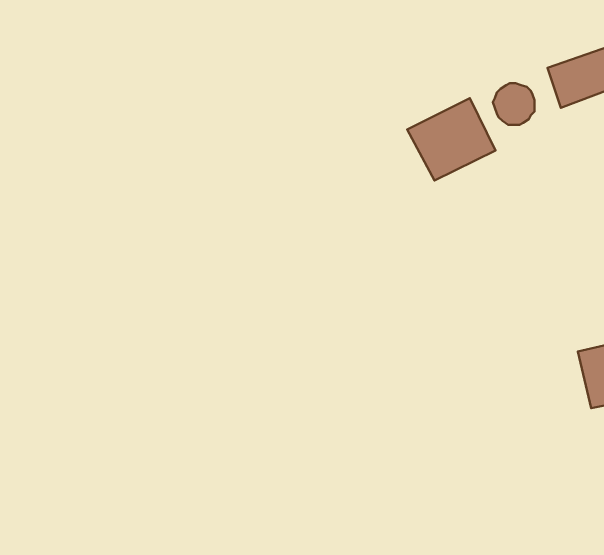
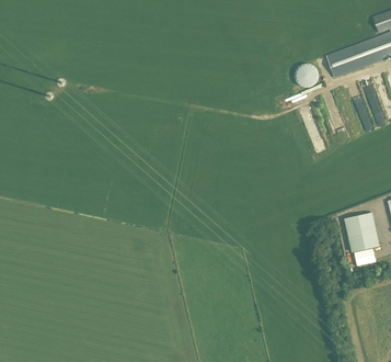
building: [407,98,496,181] -> none

